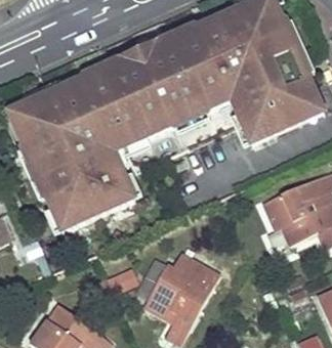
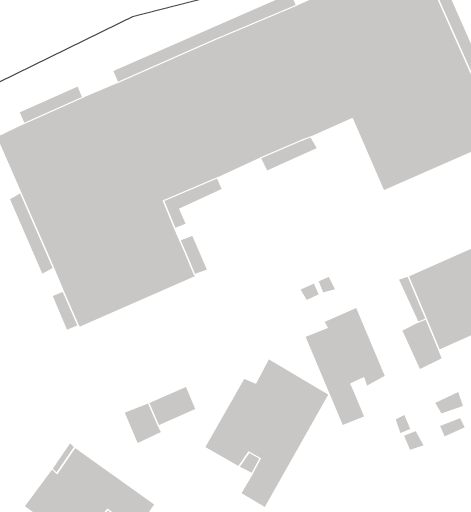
building: none -> [305,307,386,426]

